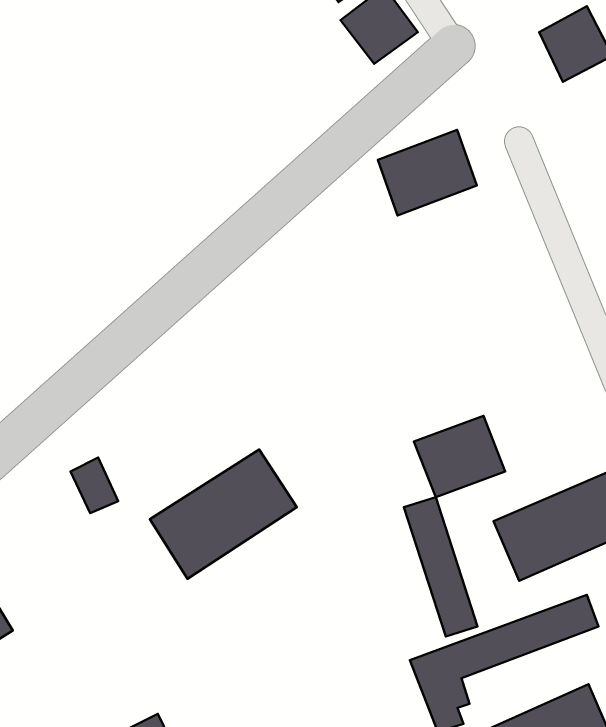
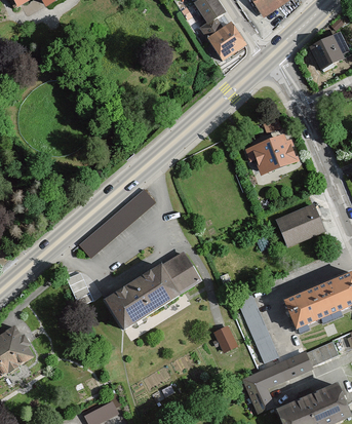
building: [378,130,477,215] -> [246,134,298,179]
building: none -> [79,188,155,258]
building: [414,416,505,497] -> [276,204,323,246]
building: none -> [163,250,203,294]
building: none -> [212,321,237,349]

